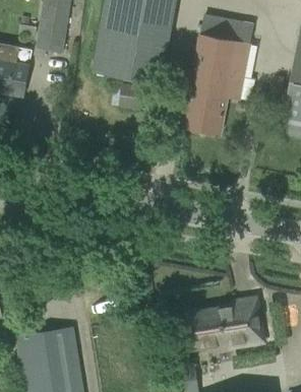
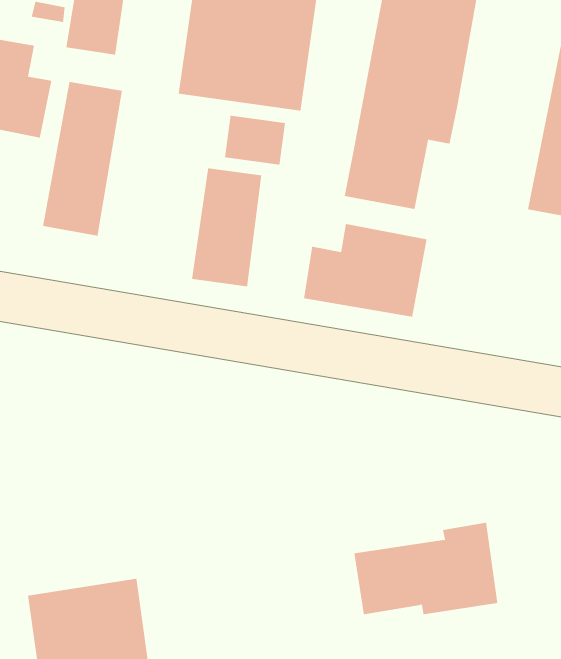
building: none -> [42,81,123,236]
building: none -> [192,168,262,287]
building: none -> [304,223,427,318]

